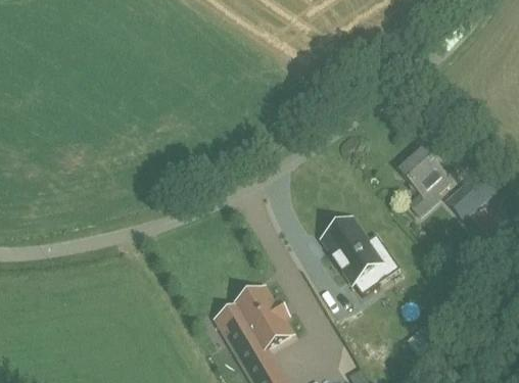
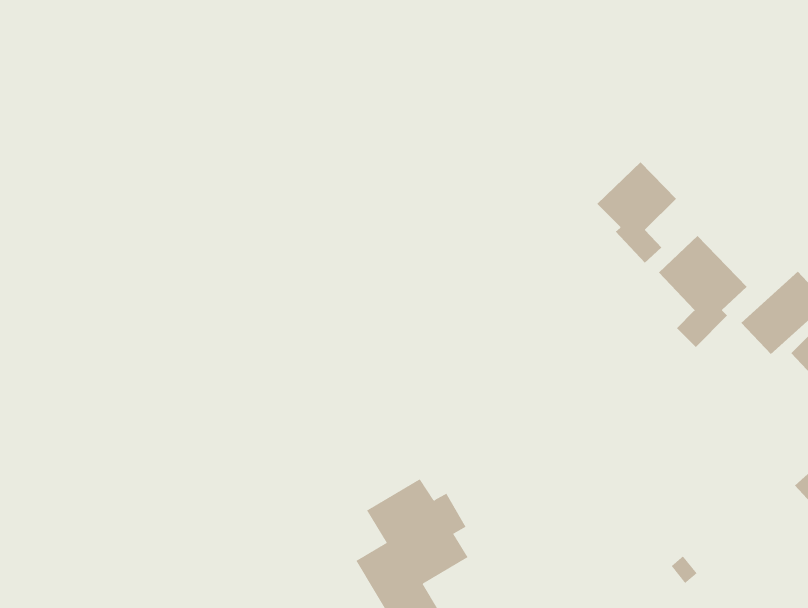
building: none -> [597,162,677,263]
building: [321,217,389,292] -> none

